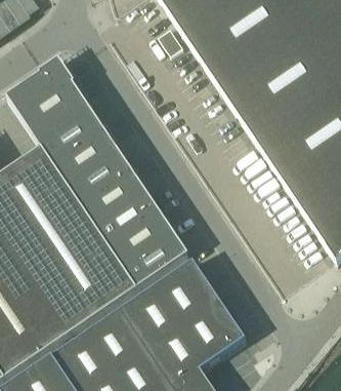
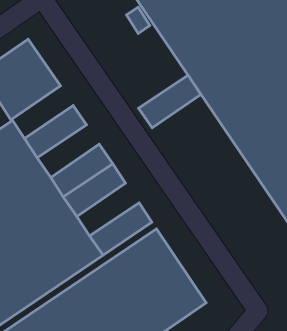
building: [39,109,104,164] -> none
building: [67,150,132,205] -> [139,75,201,128]
building: [109,211,174,267] -> none

